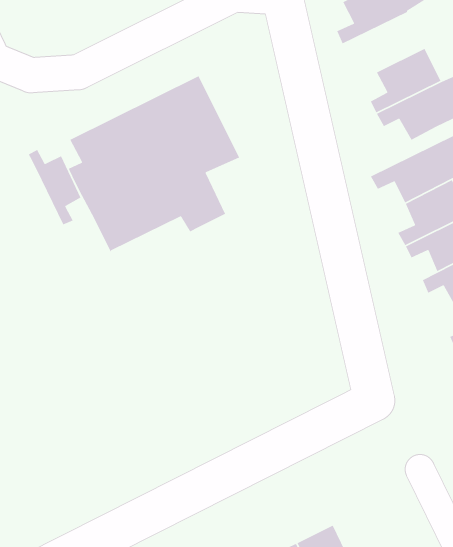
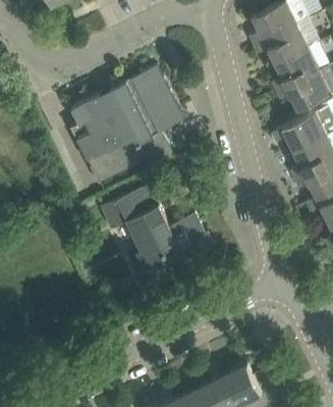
building: none -> [253,24,308,64]
building: [28,149,81,225] -> none
building: none -> [101,185,213,271]

